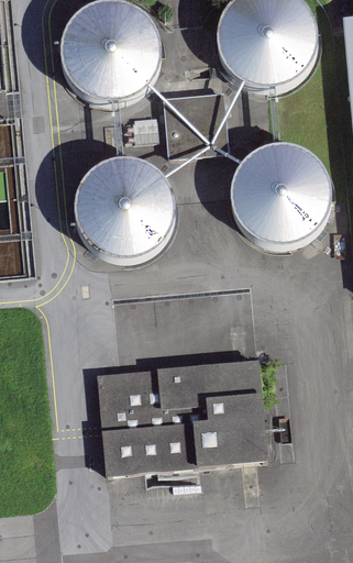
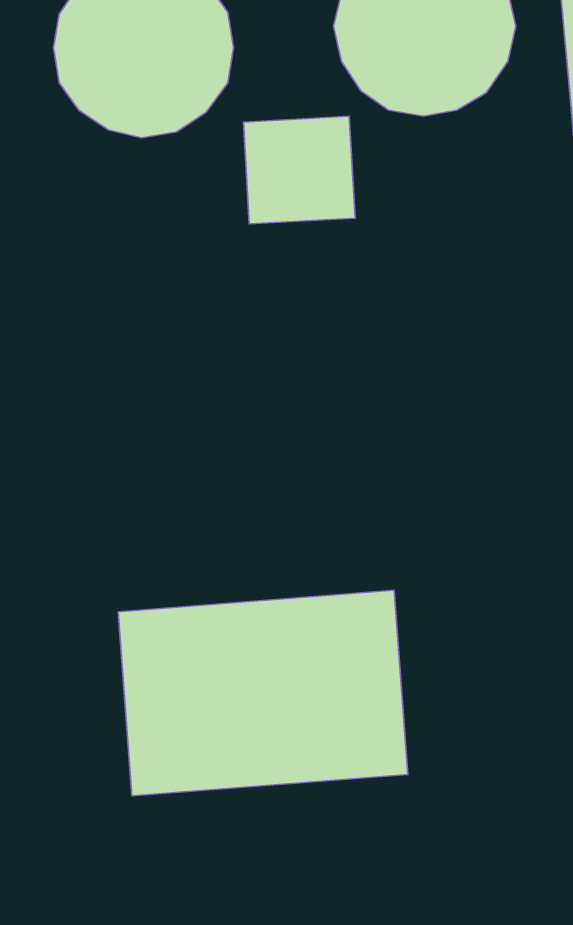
building: [232,148,334,250] -> none
building: [76,159,178,261] -> none

